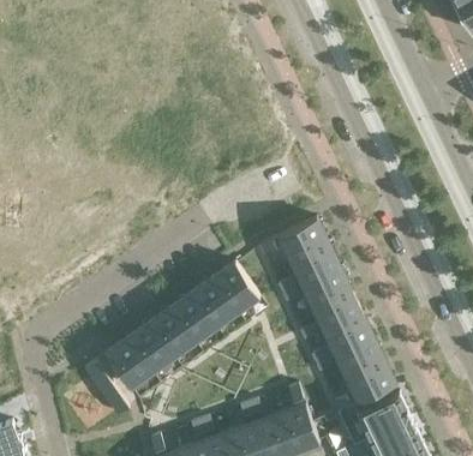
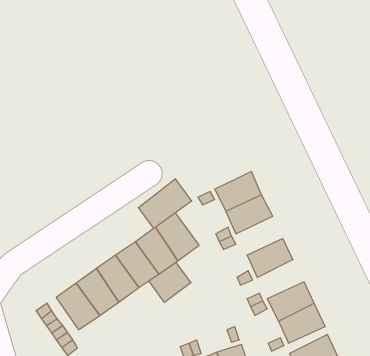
building: none -> [138,179,192,228]
building: [299,266,349,308] -> none
building: [322,313,372,355] -> none
building: none -> [149,263,191,302]

